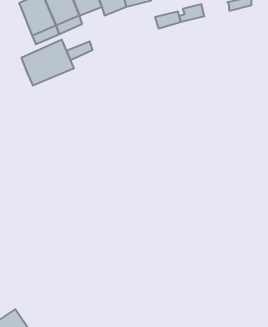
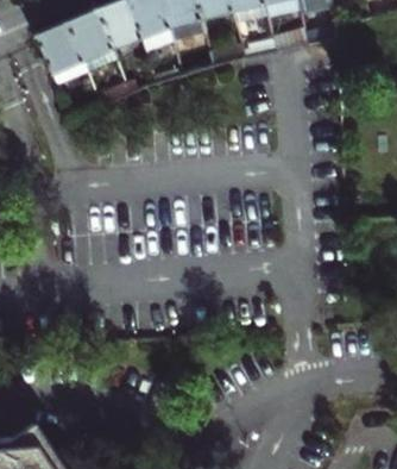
building: [22,40,74,86] -> none

